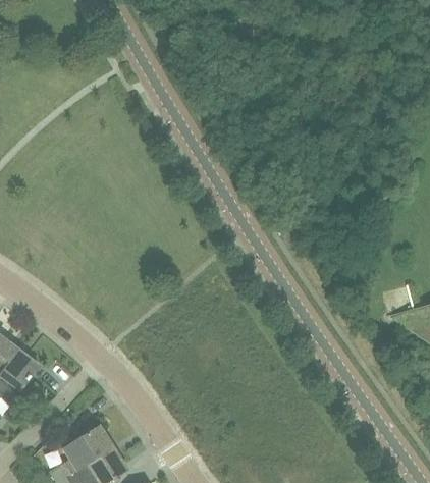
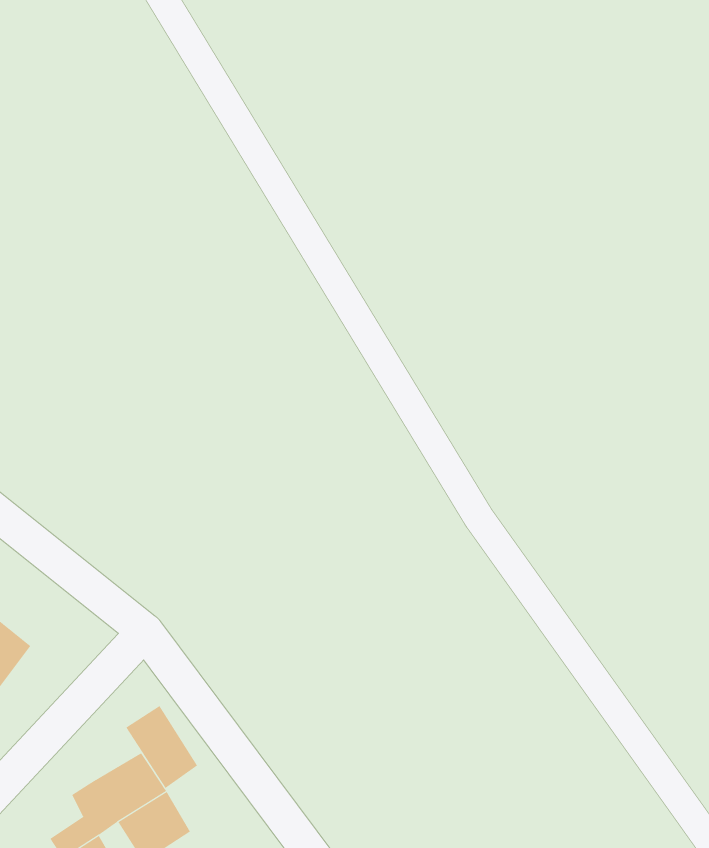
building: none -> [125,705,198,789]

